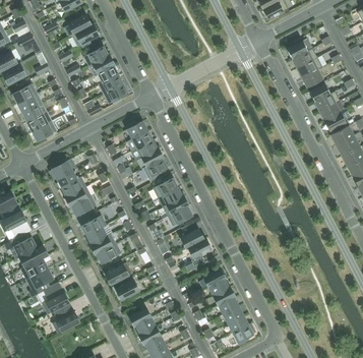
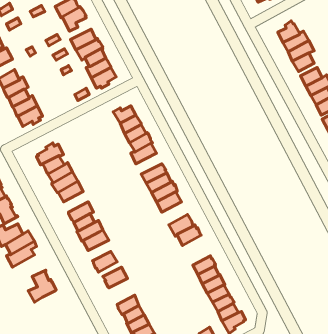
building: [26,267,53,297] -> none
building: [52,303,79,334] -> none

